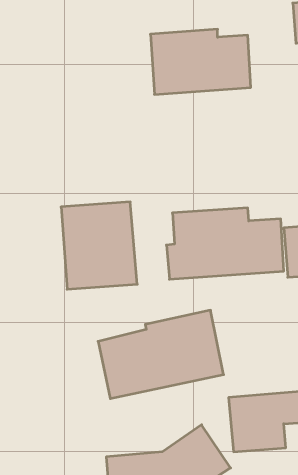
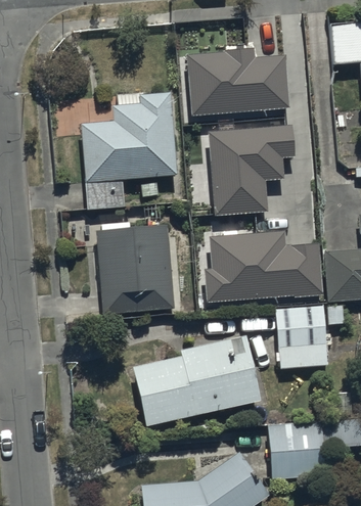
building: none -> [80,92,177,209]
building: none -> [207,124,296,215]
building: none -> [277,305,328,368]

